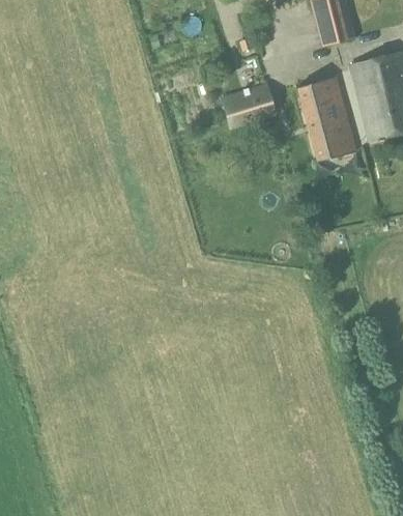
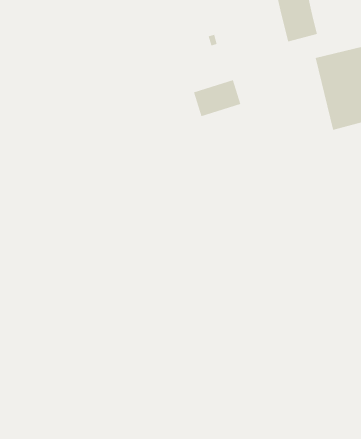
building: [297,75,357,161] -> none

